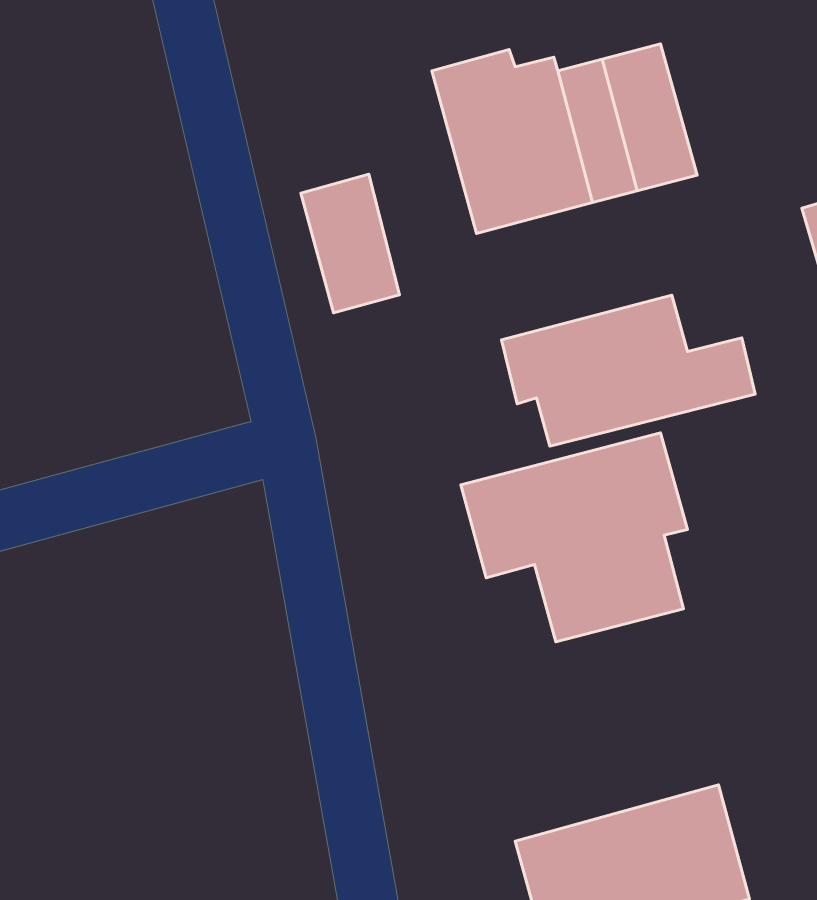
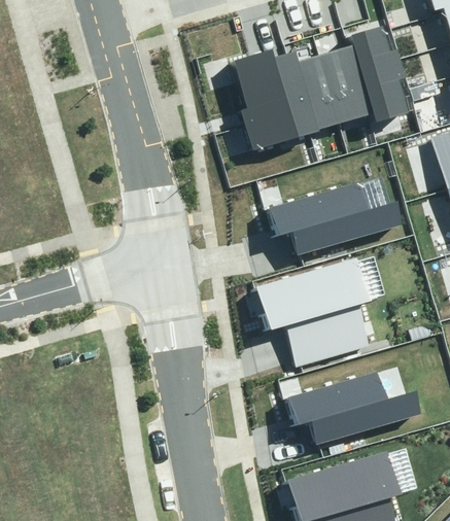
building: none -> [353,29,412,121]
building: [301,174,400,313] -> none
building: none -> [283,368,419,449]

